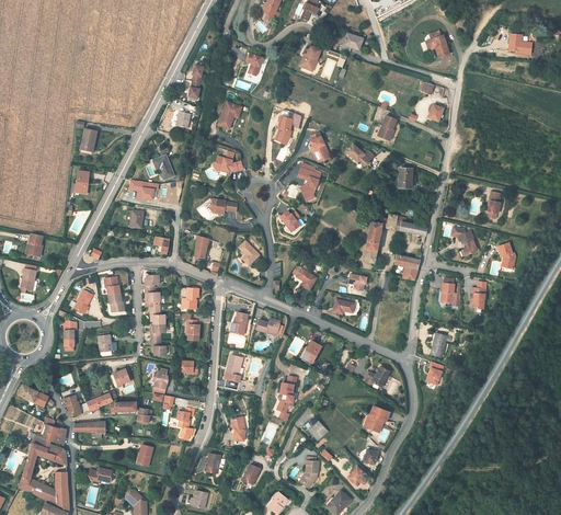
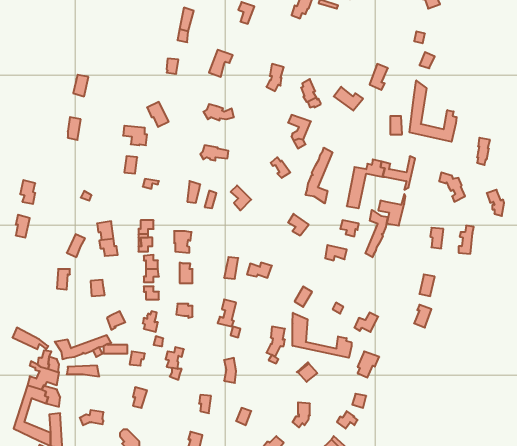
building: none -> [410,80,457,142]
building: none -> [306,148,332,203]
building: none -> [365,210,388,257]
building: none -> [293,313,352,358]

